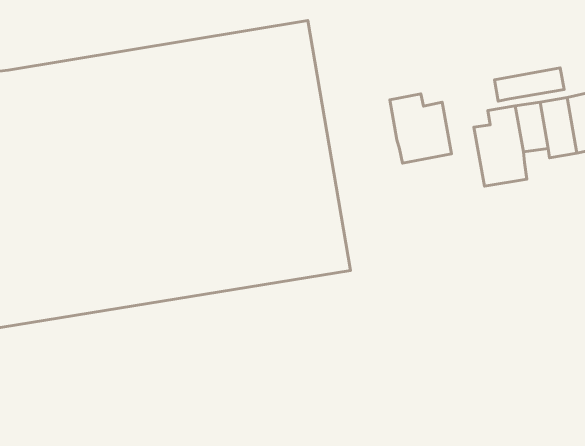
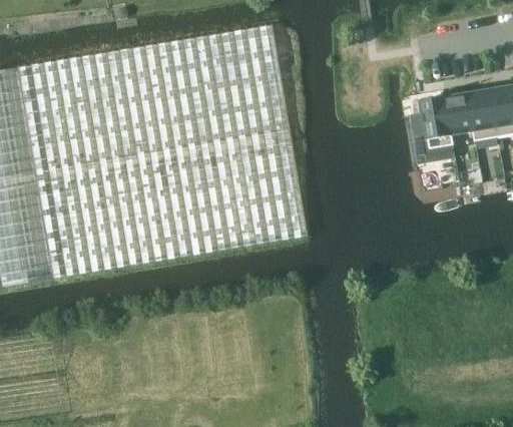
building: [495,68,564,101] -> none
building: [390,94,451,163] -> none

